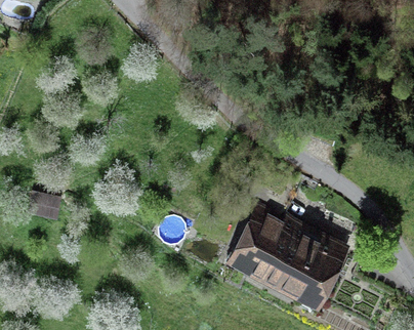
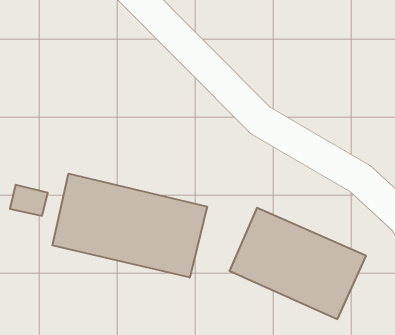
building: none -> [52,174,207,278]

